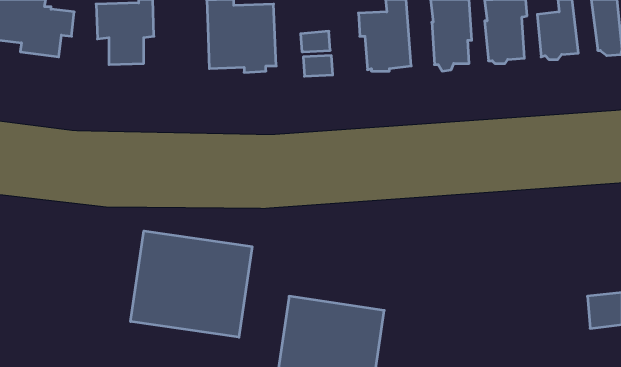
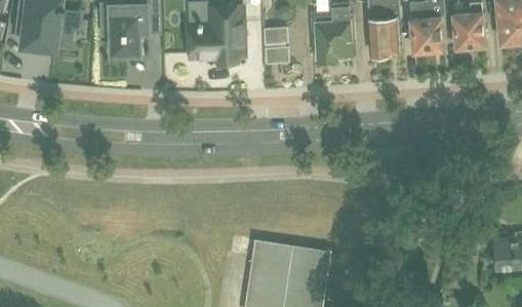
building: [131,231,252,337] -> none

